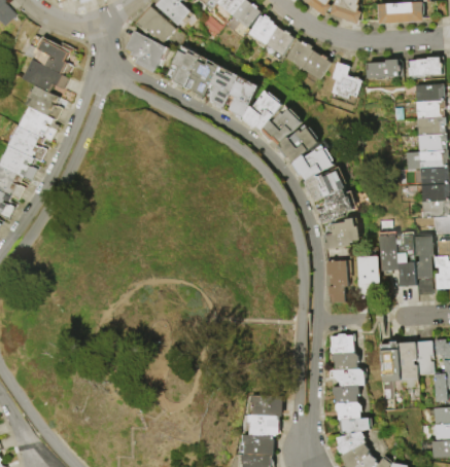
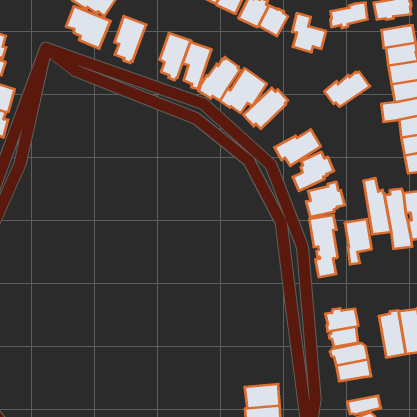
building: [183,55,218,97] -> none
building: [292,147,335,177] -> [324,72,370,107]
building: [336,398,360,417] -> none

